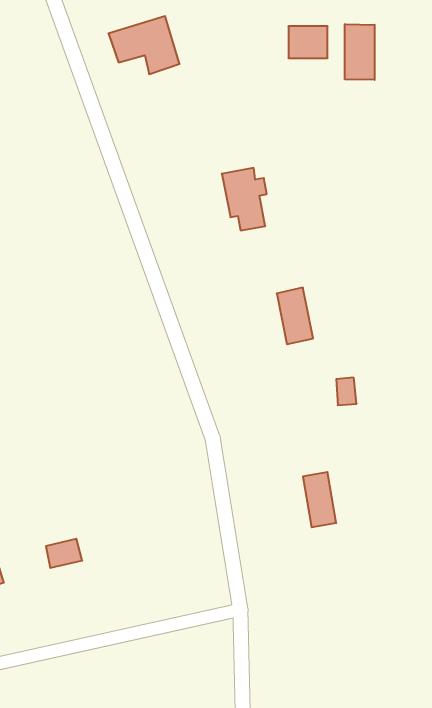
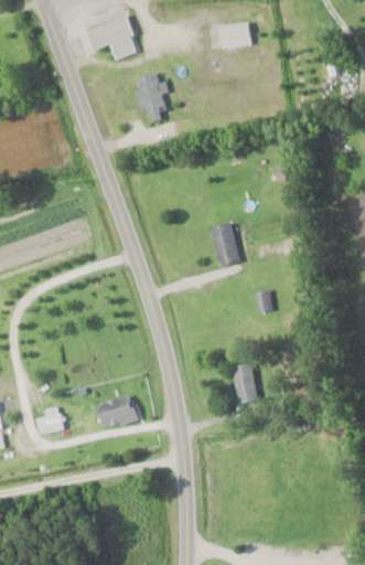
building: [345,24,375,80] -> none
building: [222,168,267,230] -> [135,72,169,119]
building: none -> [96,394,137,429]

